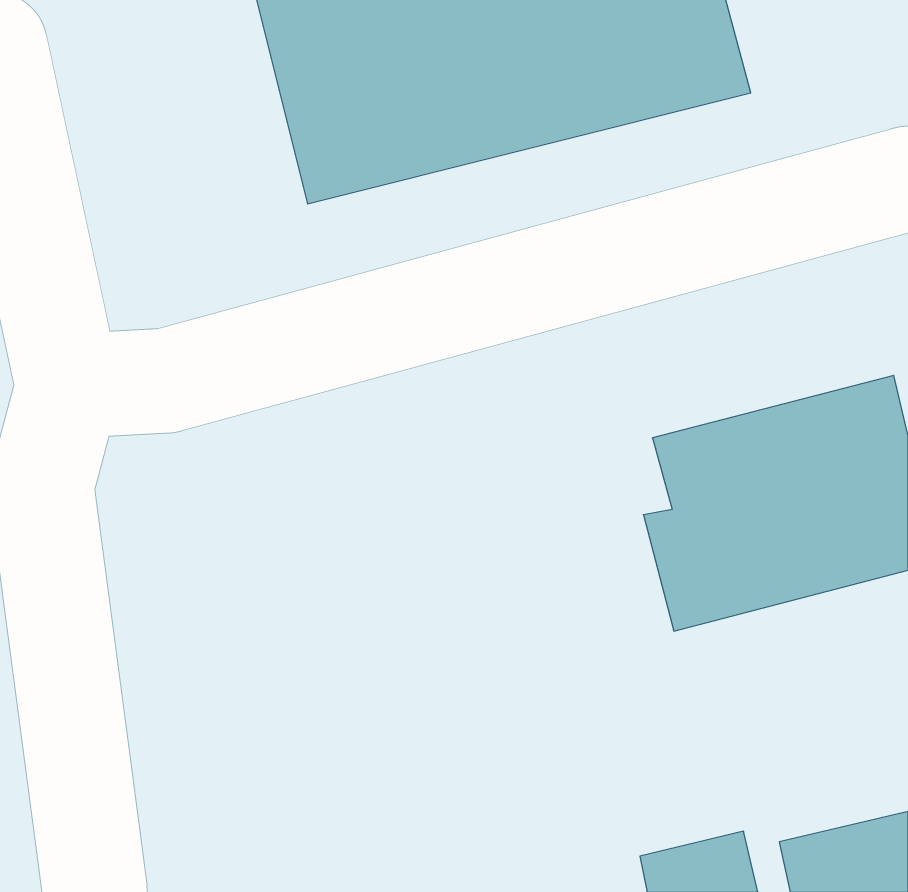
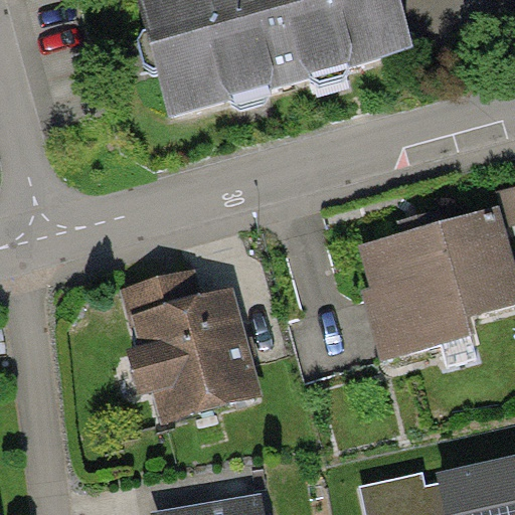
building: none -> [121,274,261,418]

